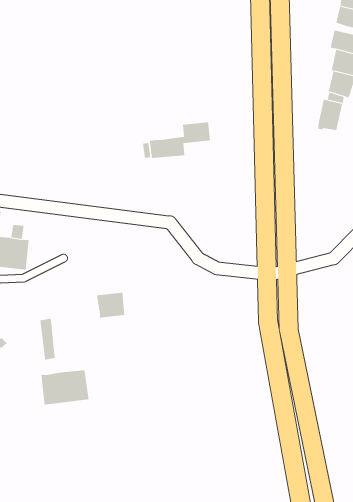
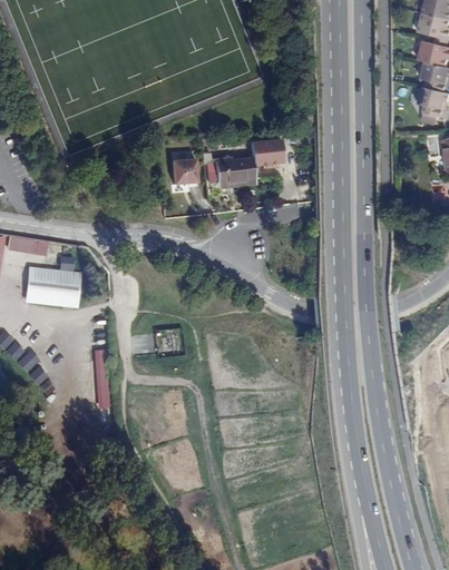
building: [317,99,343,131] -> none
building: none -> [170,160,194,184]
building: [41,370,89,405] -> none

